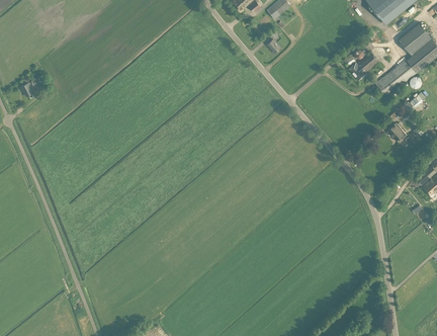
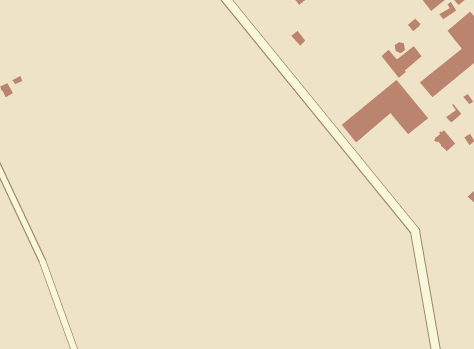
building: none -> [341,79,429,144]

